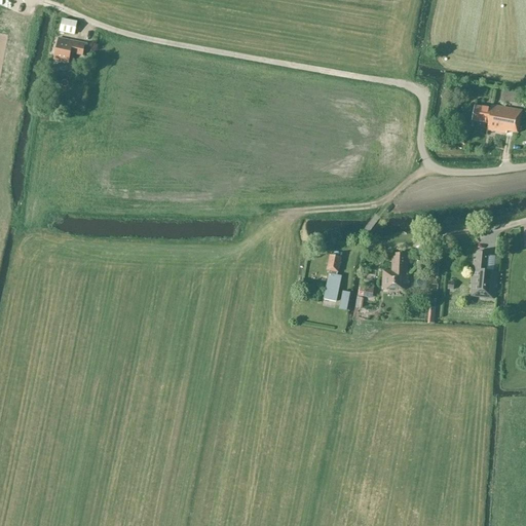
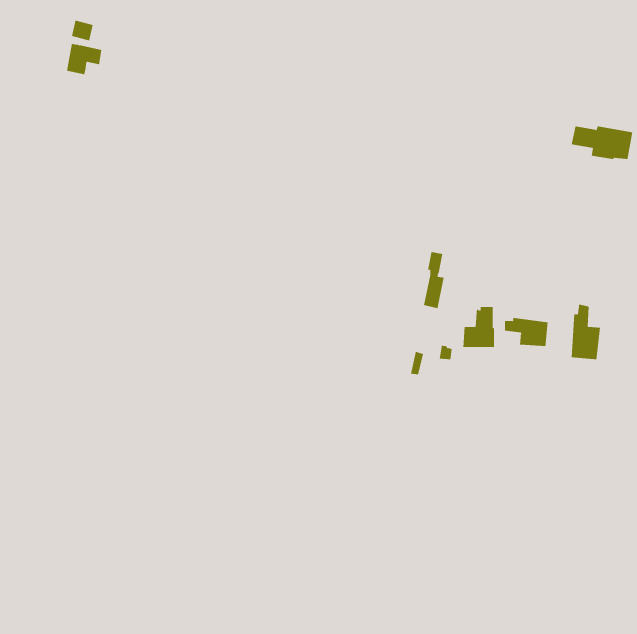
building: [324,254,341,301] -> [423,252,444,309]
building: none -> [504,317,548,347]

